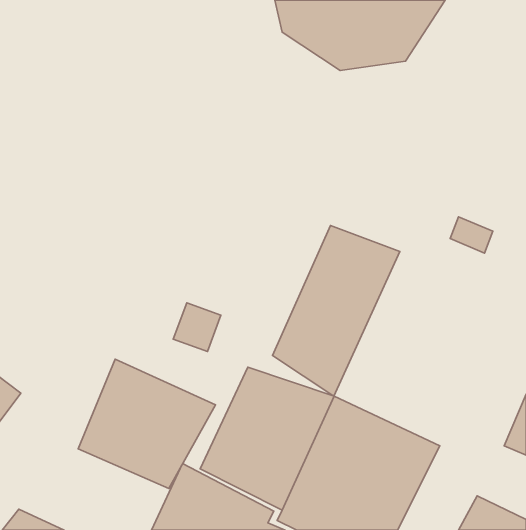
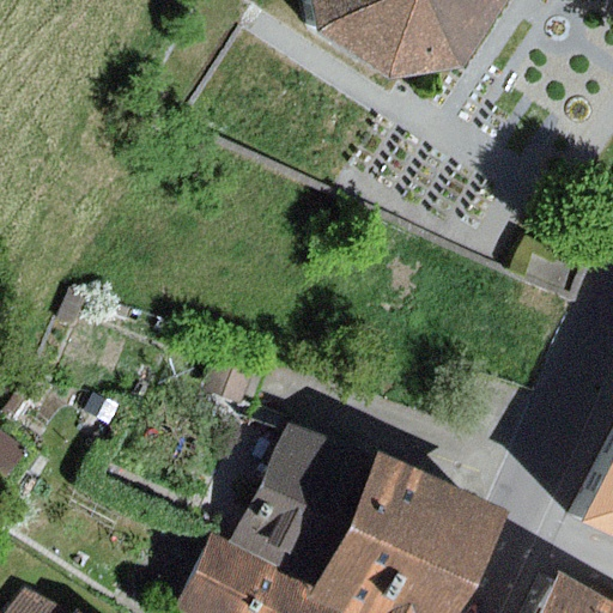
building: [273,225,400,396] -> none
building: [78,359,216,488] -> none

